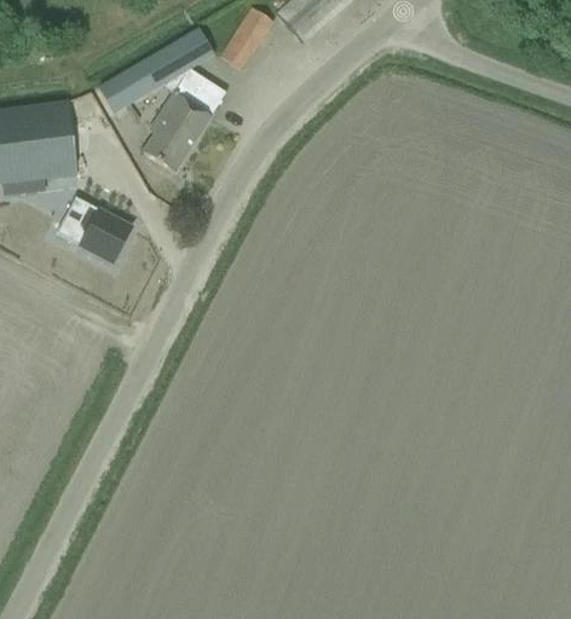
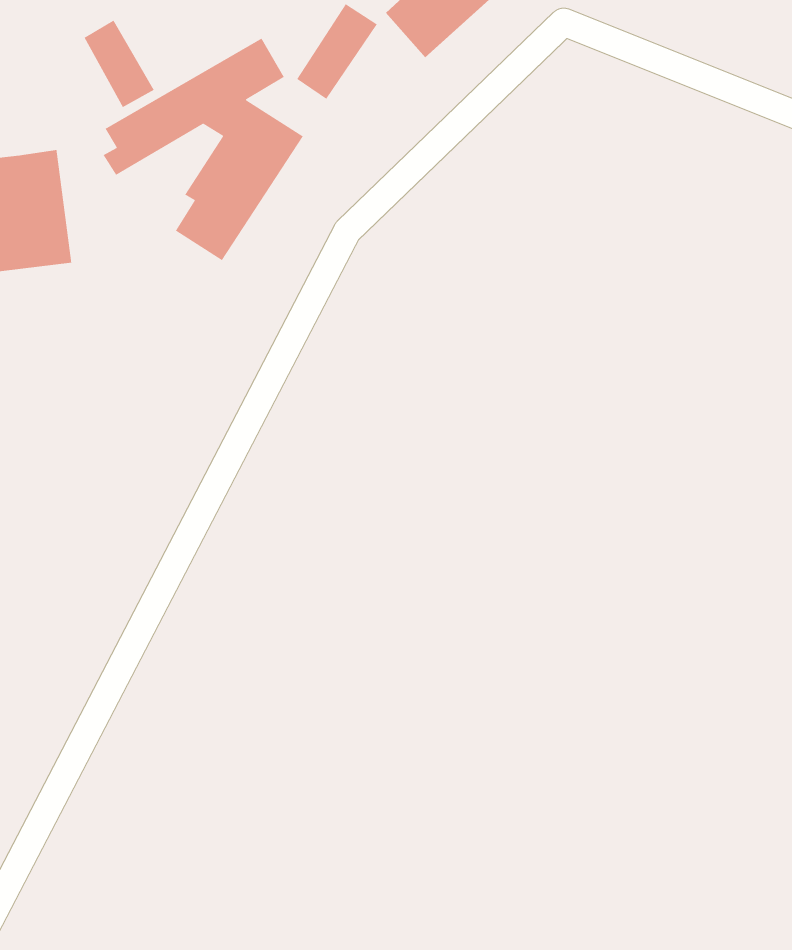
building: none -> [83,20,155,108]
building: [65,197,132,262] -> none

